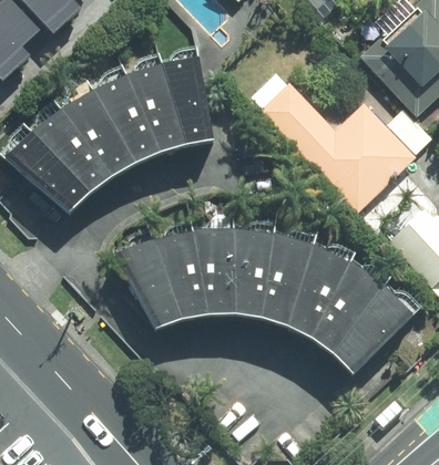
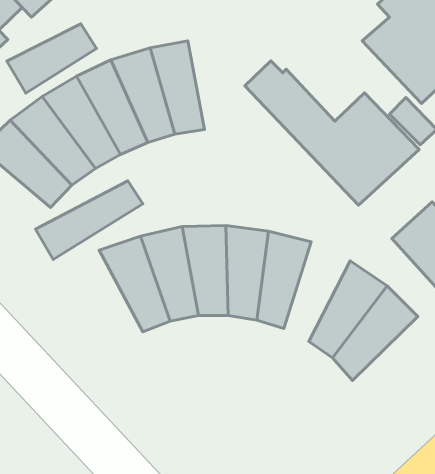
building: none -> [7,24,96,93]
building: none -> [35,181,143,259]
building: [288,245,350,338] -> none

